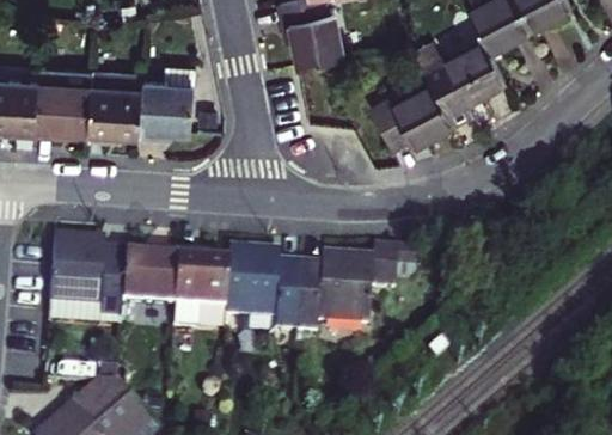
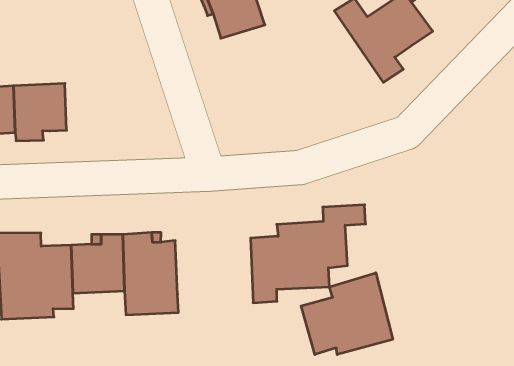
building: [135,68,191,141] -> none
building: [374,87,455,154] -> none
building: [227,249,306,336] -> none
building: none -> [301,273,393,355]

